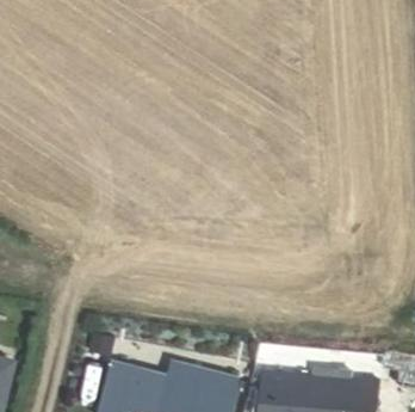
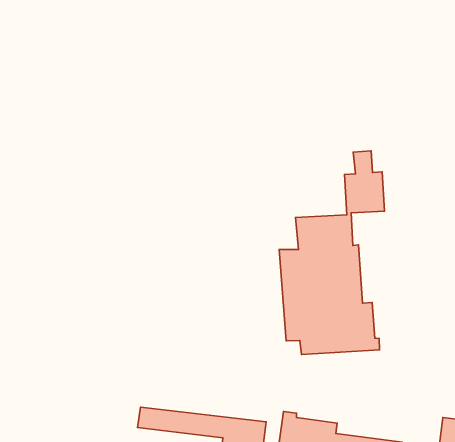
building: none -> [279,151,385,354]

